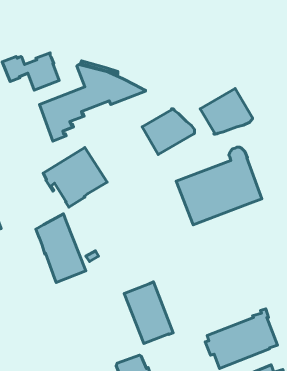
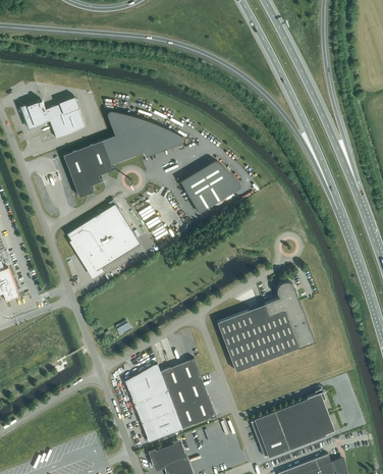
building: [200,88,253,134] -> none
building: [176,147,262,225] -> [217,283,315,372]
building: [36,214,86,283] -> [125,364,182,442]

